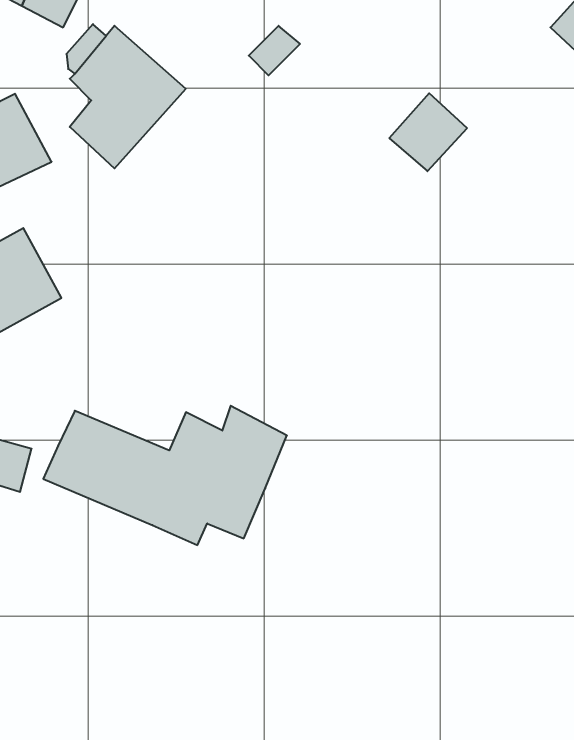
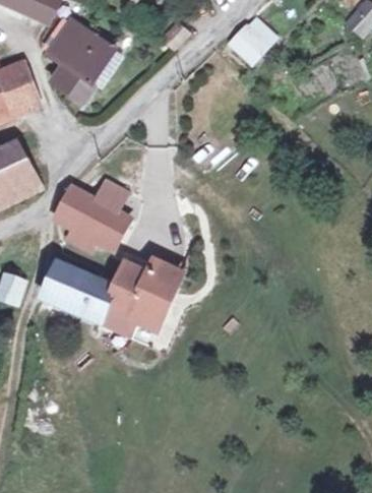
building: [389,93,467,171] -> [230,16,277,64]
building: none -> [54,175,134,250]

